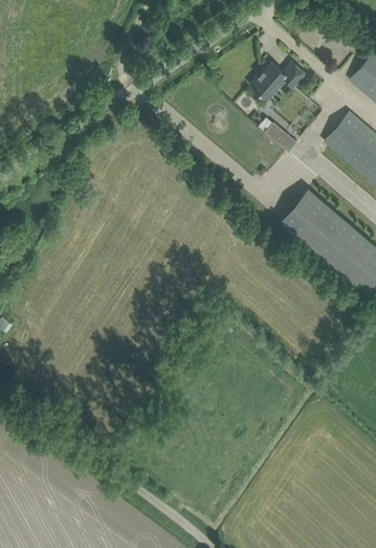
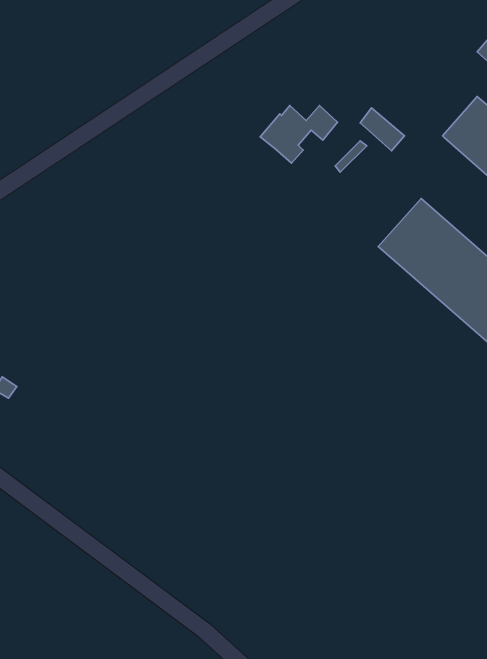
building: [248,63,305,105] -> [260,106,338,163]

